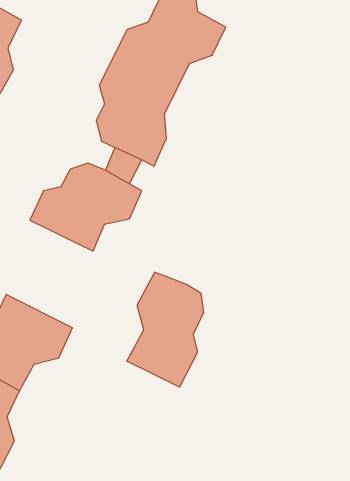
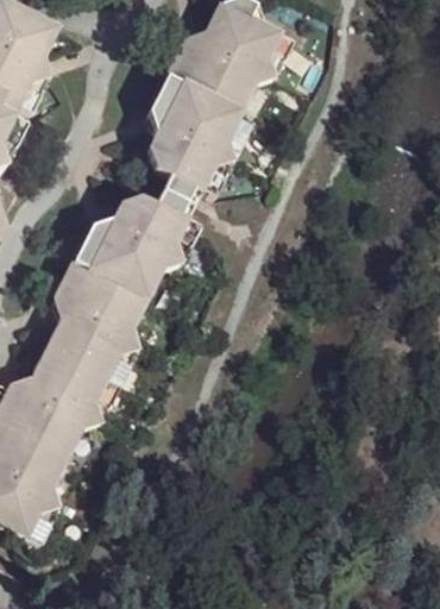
building: none -> [43,260,143,384]
building: [127,272,203,387] -> none

